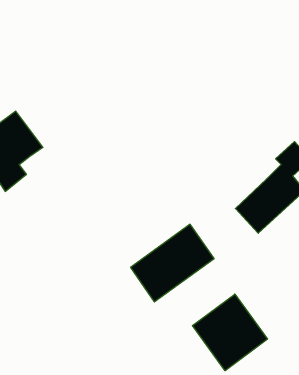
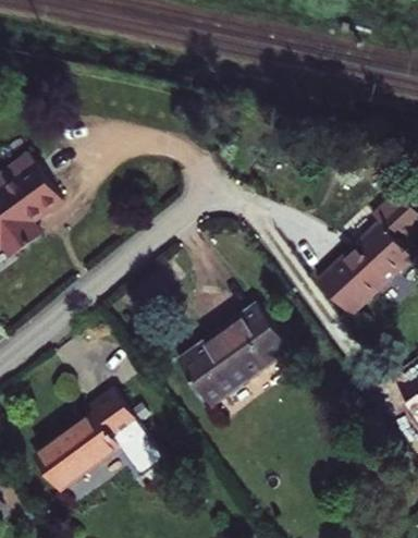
building: none -> [35,390,164,491]
building: [192,294,267,371] -> none

